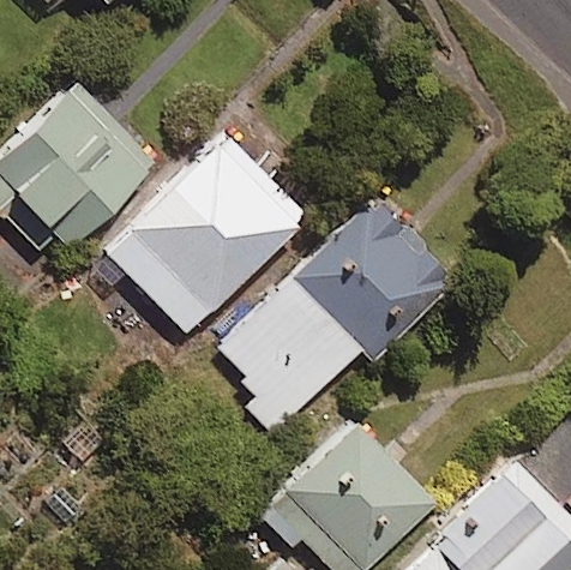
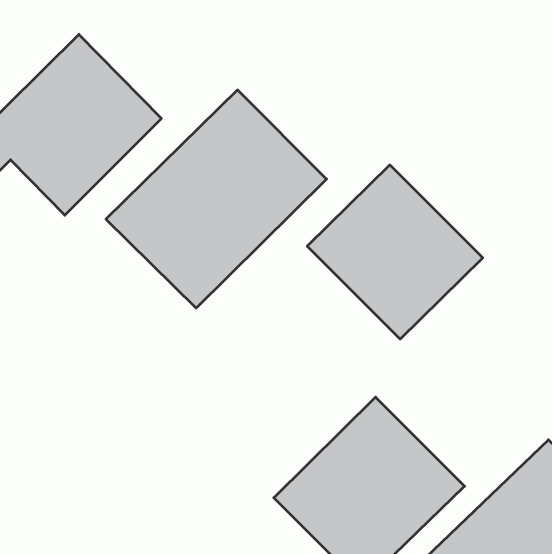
building: [214,277,365,442] -> none

